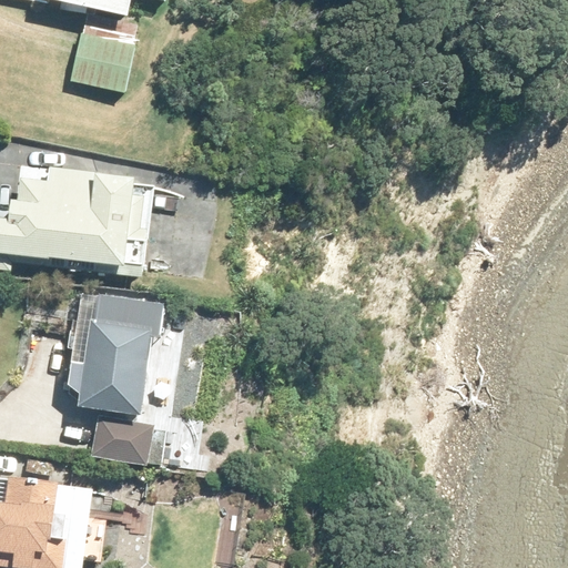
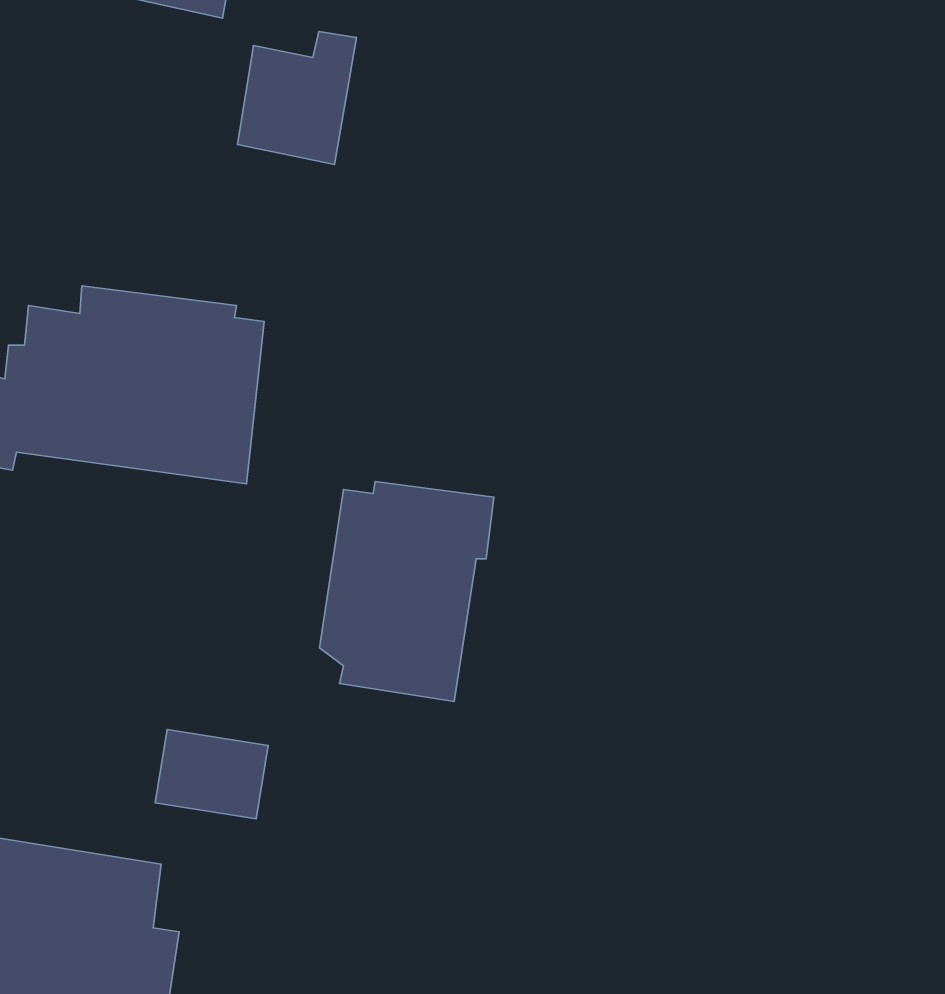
building: [70,18,136,92] -> [238,32,356,164]
building: [67,292,164,415] -> [320,481,494,701]

